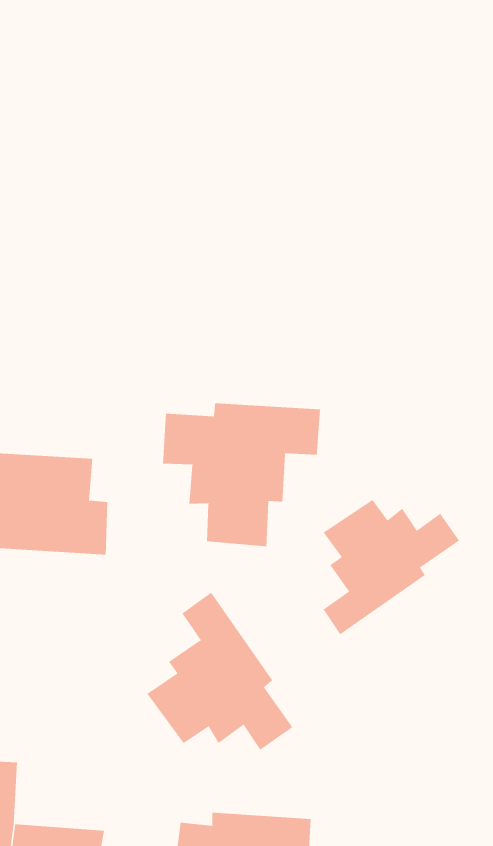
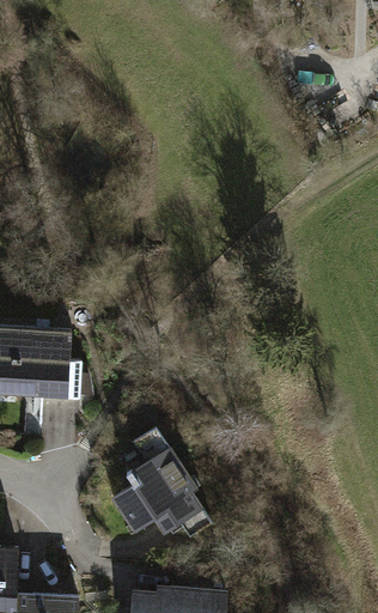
building: [162,403,320,547] -> none
building: [323,499,460,635] -> none

